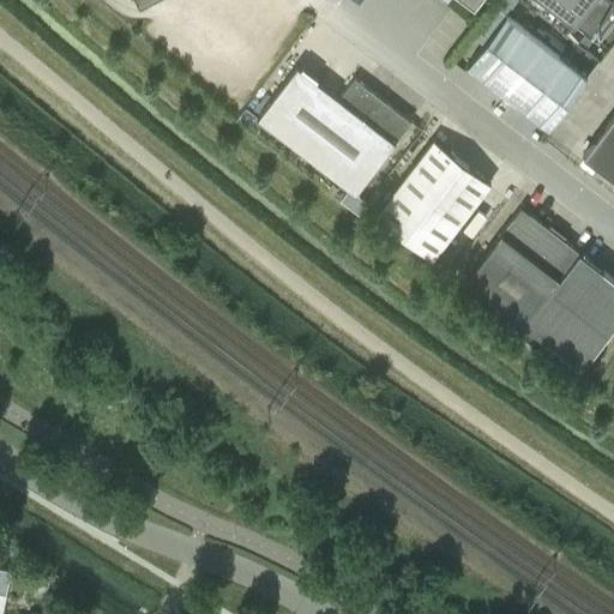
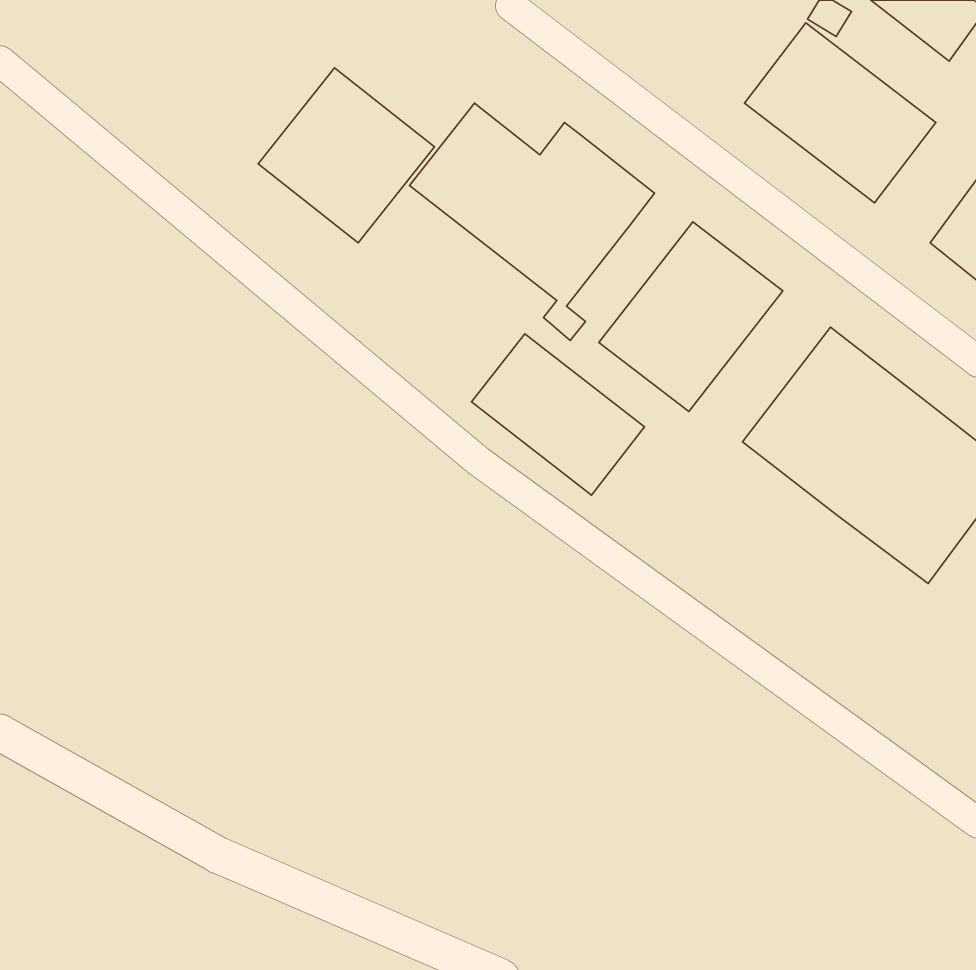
building: none -> [258,68,434,243]
building: none -> [472,334,645,495]

